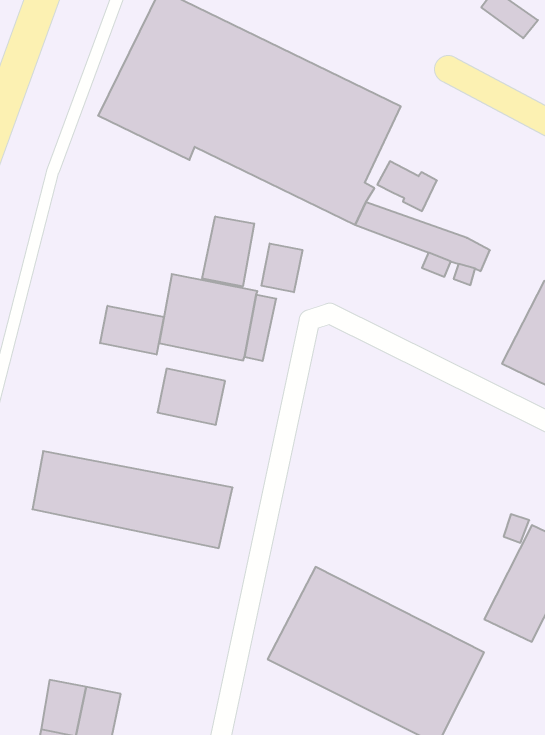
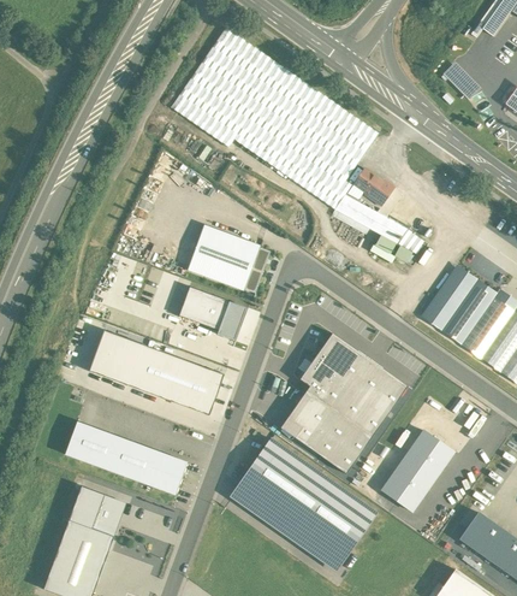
building: [202,216,254,286] -> none
building: [261,243,302,292] -> none
building: [100,306,164,355] -> none
building: none -> [216,301,246,341]
building: none -> [280,332,406,473]
building: none -> [64,421,188,495]

